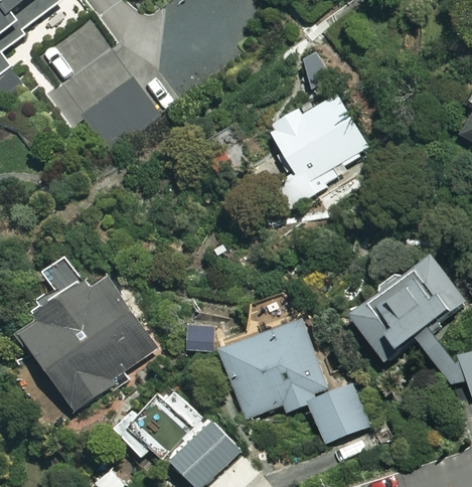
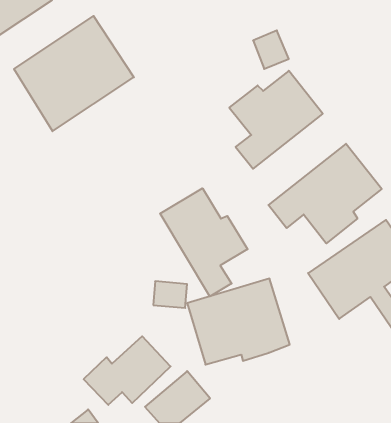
building: none -> [268,144,382,243]
building: none -> [160,188,248,296]
building: [26,253,154,412] -> none
building: [308,386,366,440] -> none

